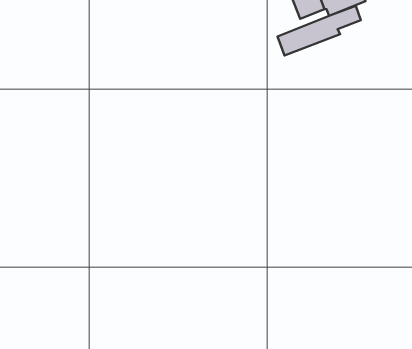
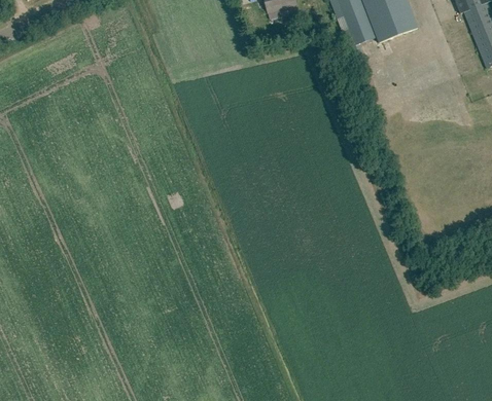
building: [278,6,361,55] -> none

